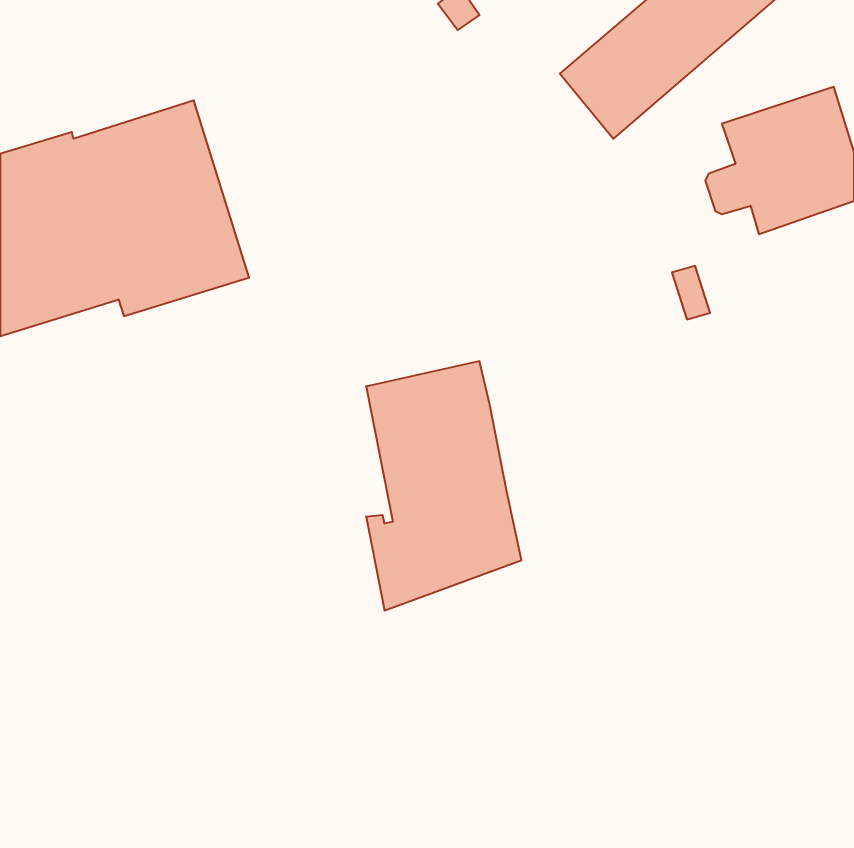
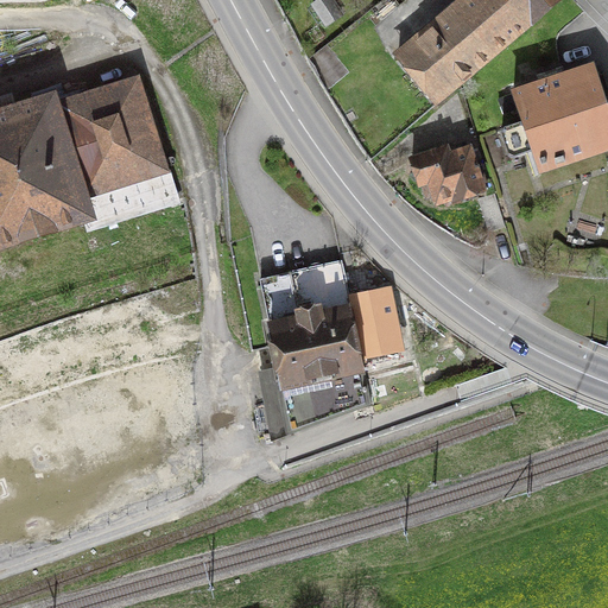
building: none -> [411,144,482,198]
building: none -> [348,284,399,348]

